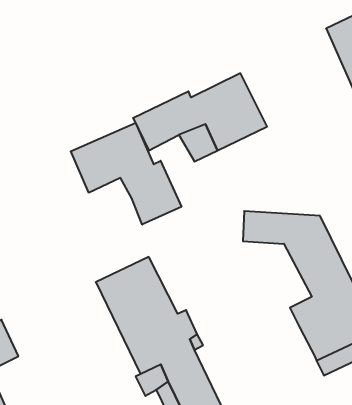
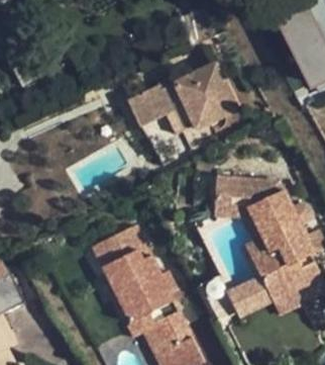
building: [71,123,181,225] -> none
building: none -> [214,204,273,260]
building: none -> [226,276,276,318]

